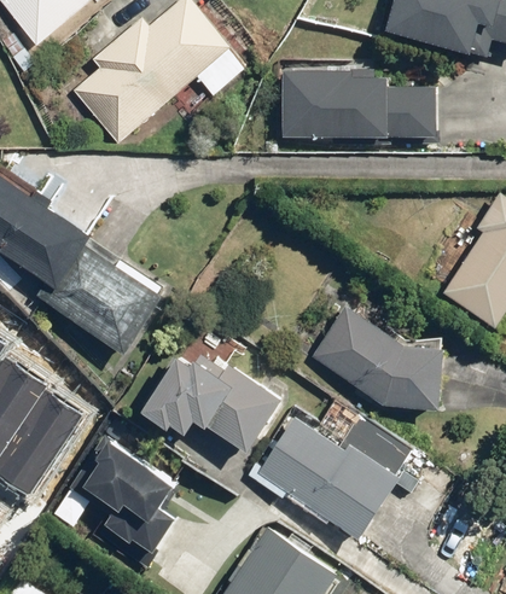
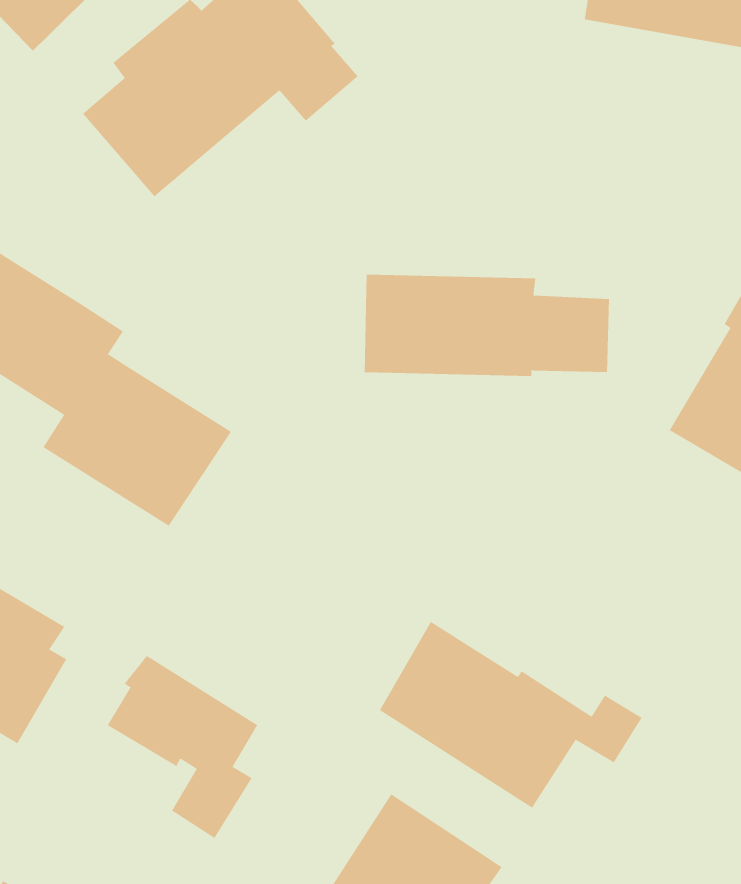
building: [283,71,440,136] -> [364,274,610,376]
building: [308,305,446,408] -> none
building: [144,320,285,489] -> none

